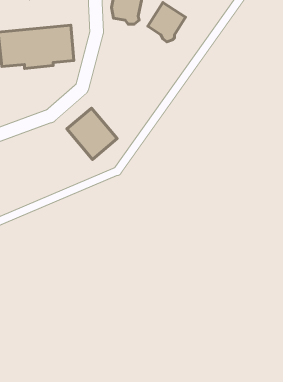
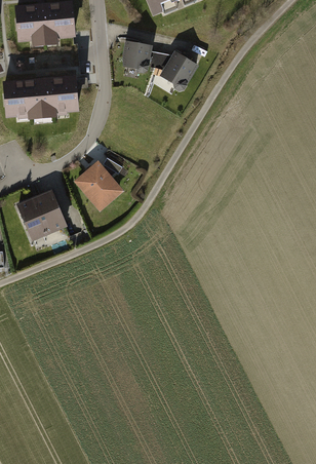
building: none -> [15,188,67,240]

